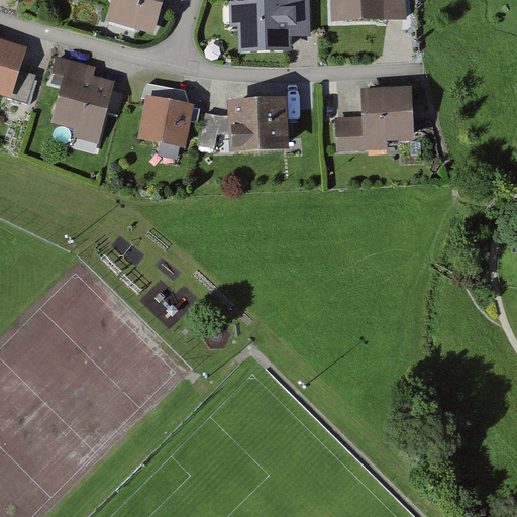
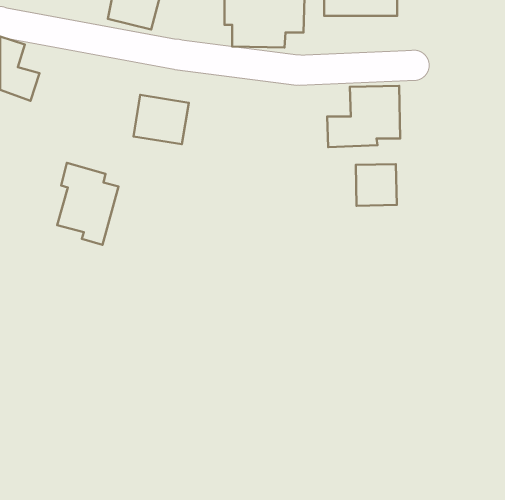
building: [49,58,112,141] -> [57,163,118,245]
building: [204,99,286,153] -> none
building: none -> [356,164,397,206]

